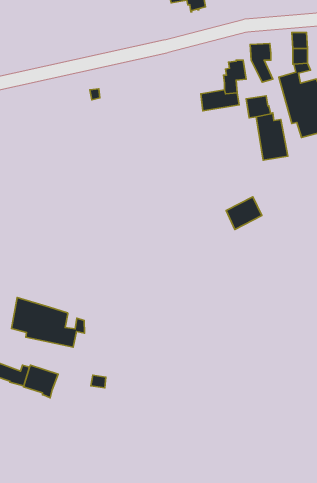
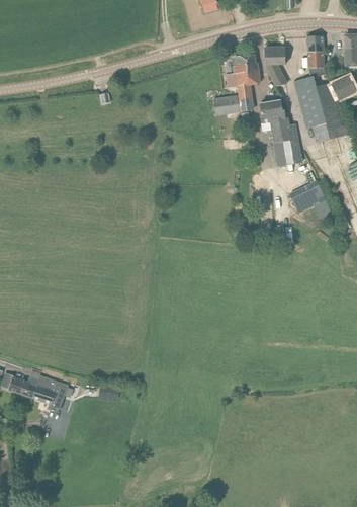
building: none -> [226,54,256,86]
building: [226,197,262,229] -> [289,179,326,213]
building: [11,298,84,347] -> none

